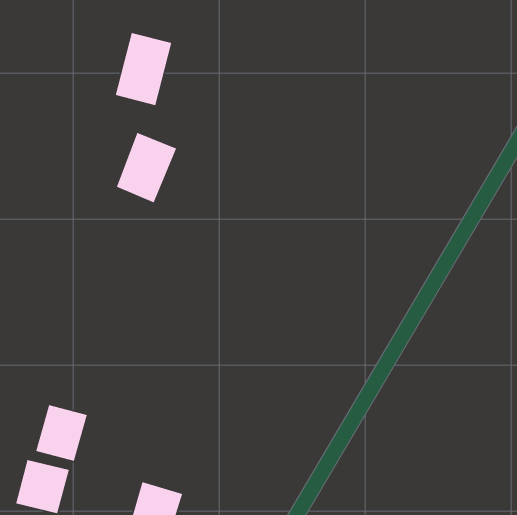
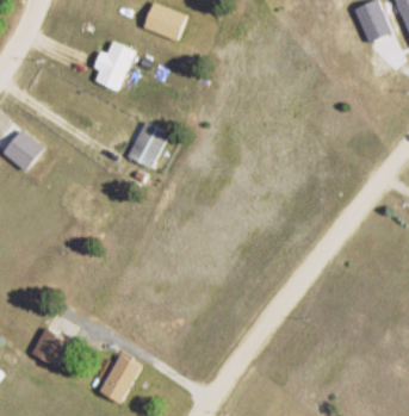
building: [115,32,172,106] -> [92,39,135,91]
building: [35,404,88,462] -> none

